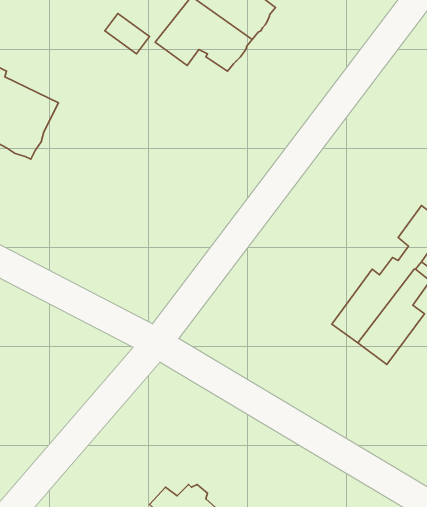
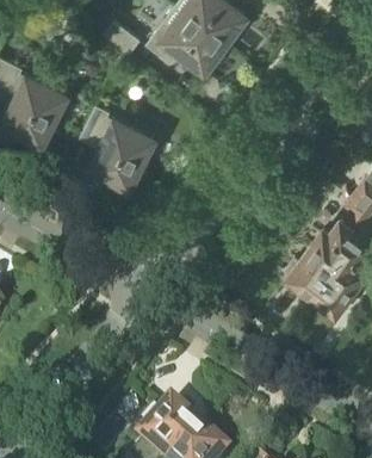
building: none -> [80,105,153,185]

